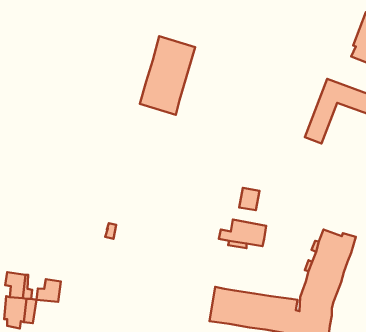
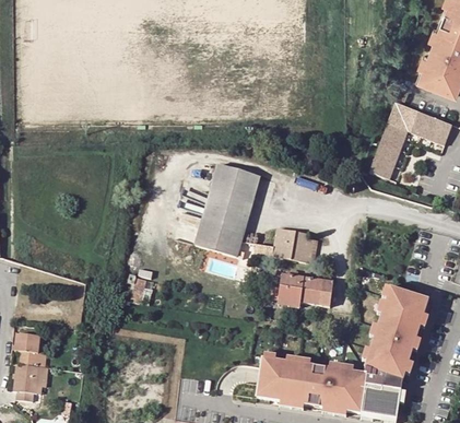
building: [140,36,195,115] -> [194,164,260,257]
building: none -> [272,228,296,259]
building: [37,279,61,302] -> none

